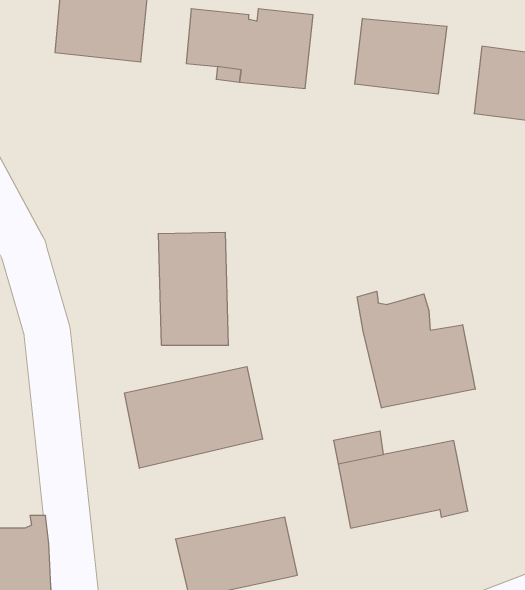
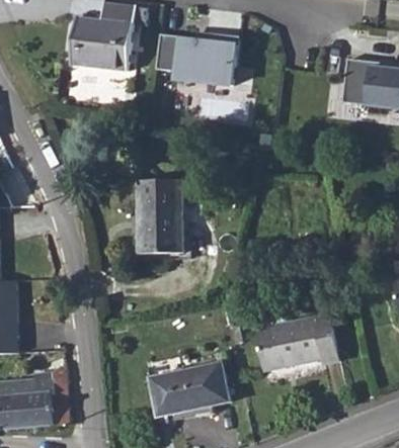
building: [355,18,447,94] -> none
building: [357,291,475,408] -> none
building: [125,367,263,468] -> none

